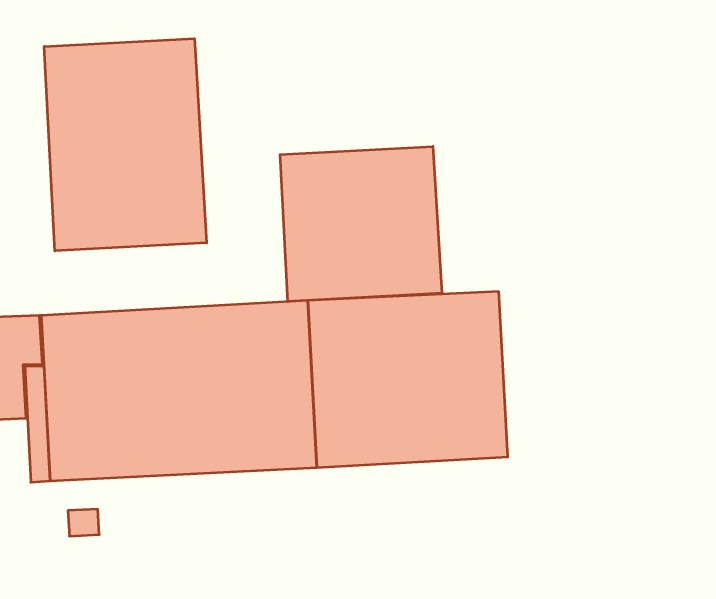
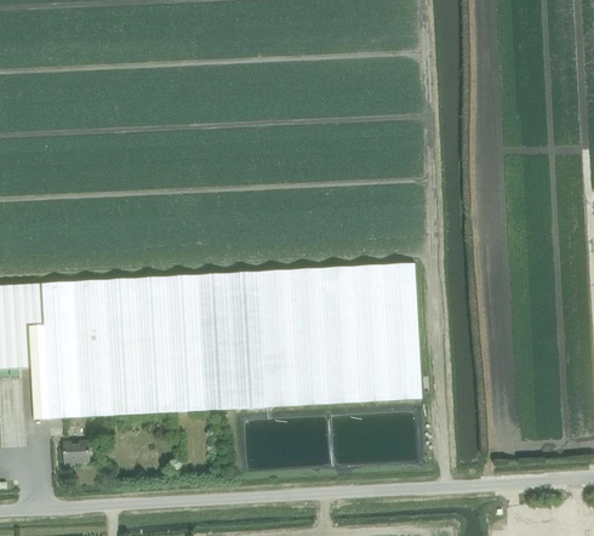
building: [44,39,207,251] -> none
building: [280,146,442,302] -> none

